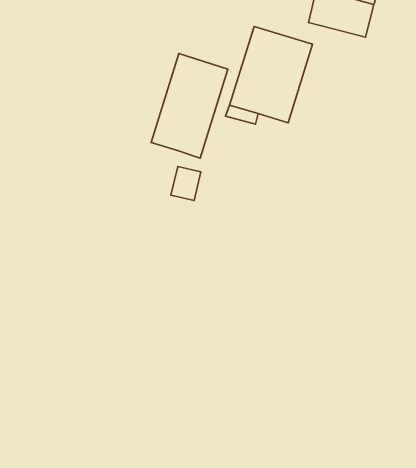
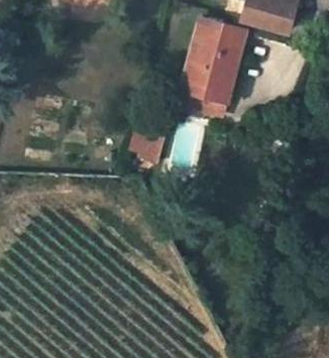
building: [151,53,228,158] -> none

